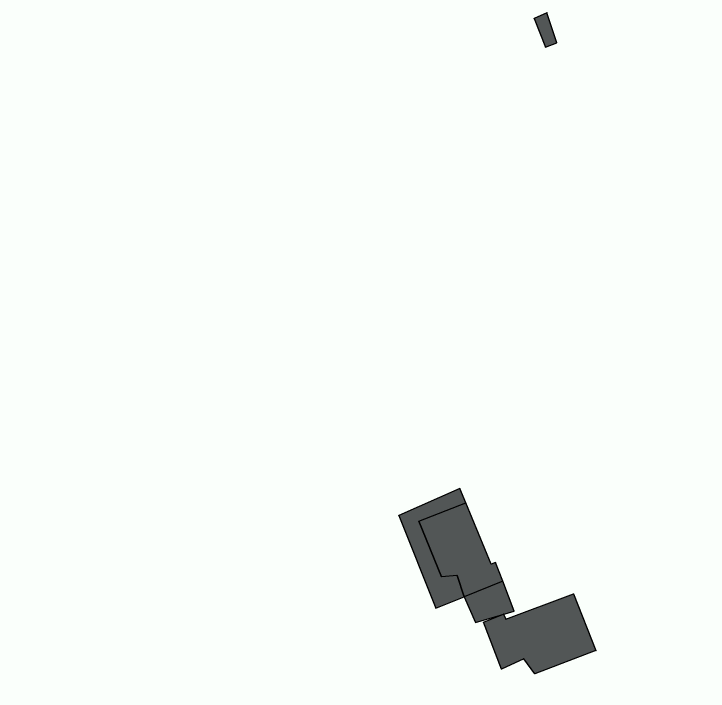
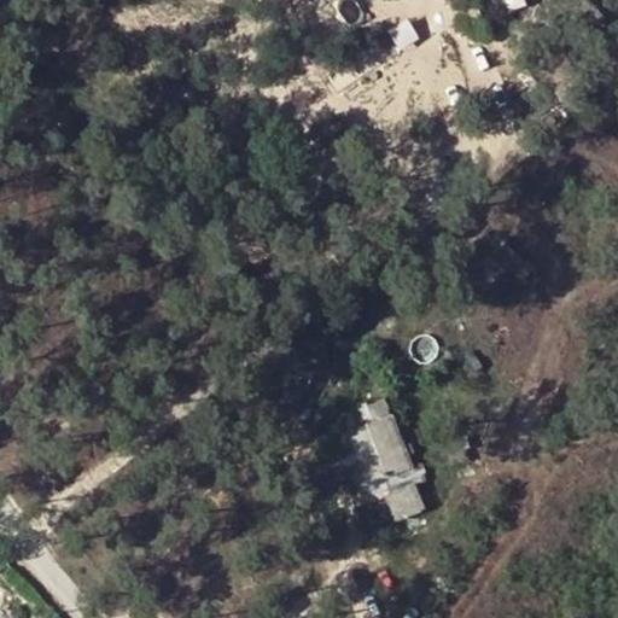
building: [484,594,596,674] -> none

